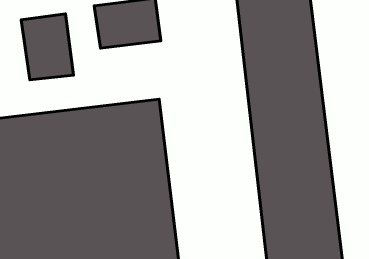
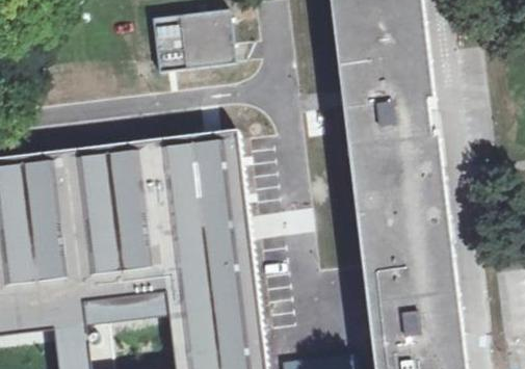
building: [21,14,73,80] -> none

